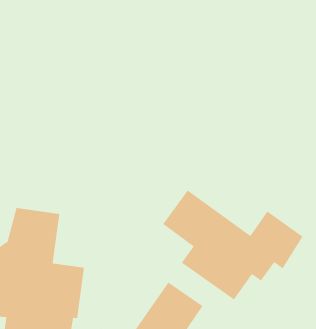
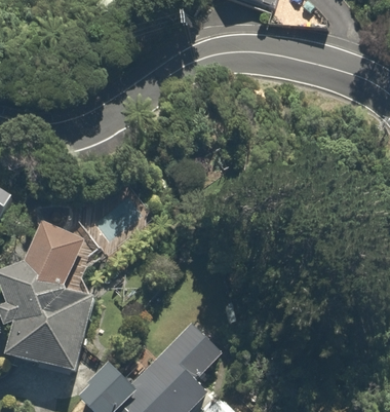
building: [162,190,303,301] -> none

